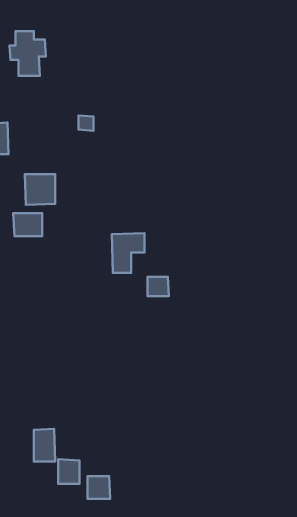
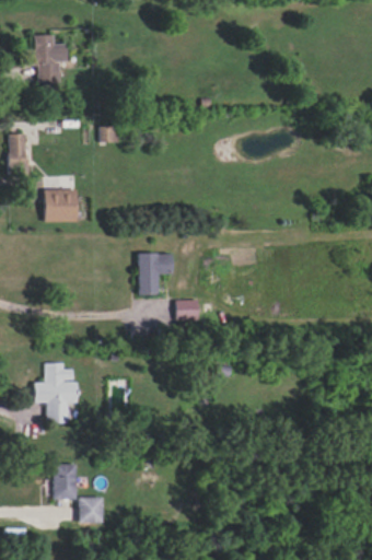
building: [13,213,42,236] -> none
building: none -> [35,363,78,423]
building: [88,476,110,499] -> none

